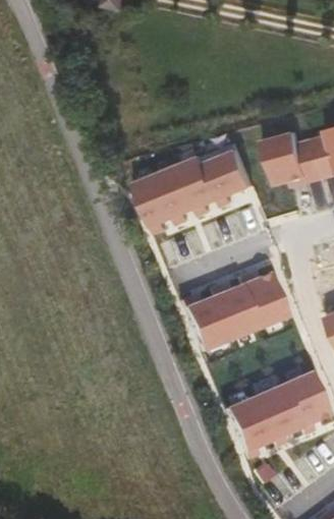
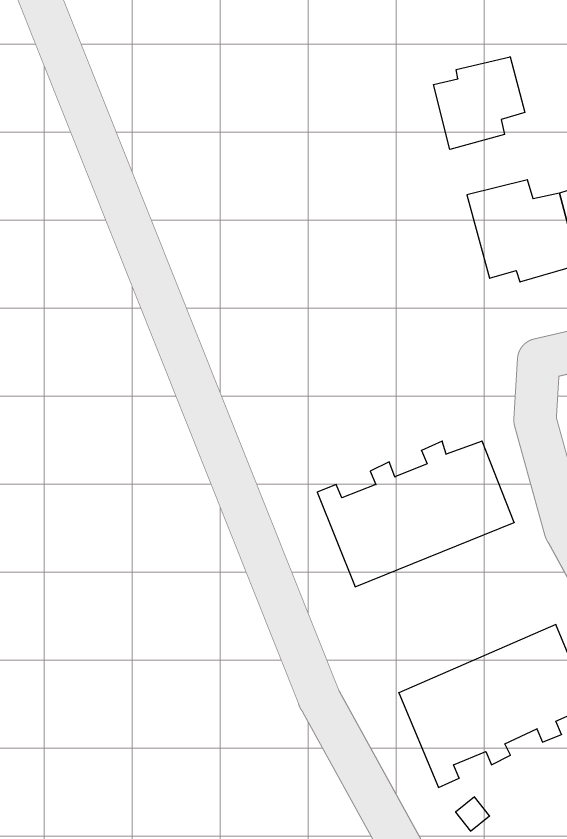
building: none -> [434,57,525,149]
building: [133,143,253,234] -> none

